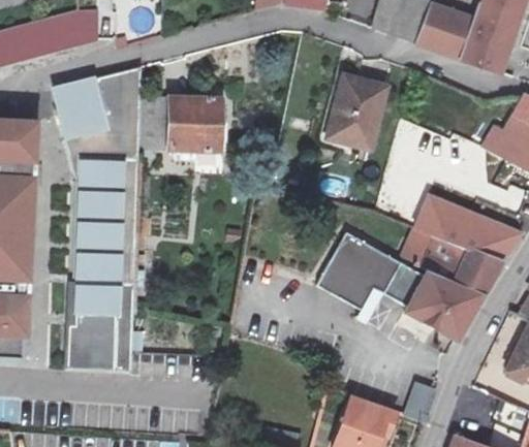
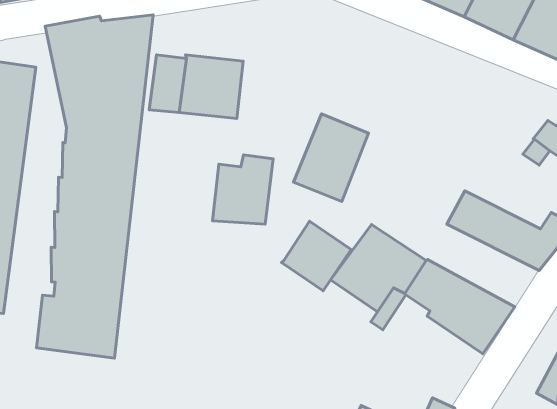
building: [325,74,388,151] -> [293,114,369,202]
building: none -> [213,155,273,224]
building: [401,228,501,296] -> none
building: none -> [281,221,351,291]

